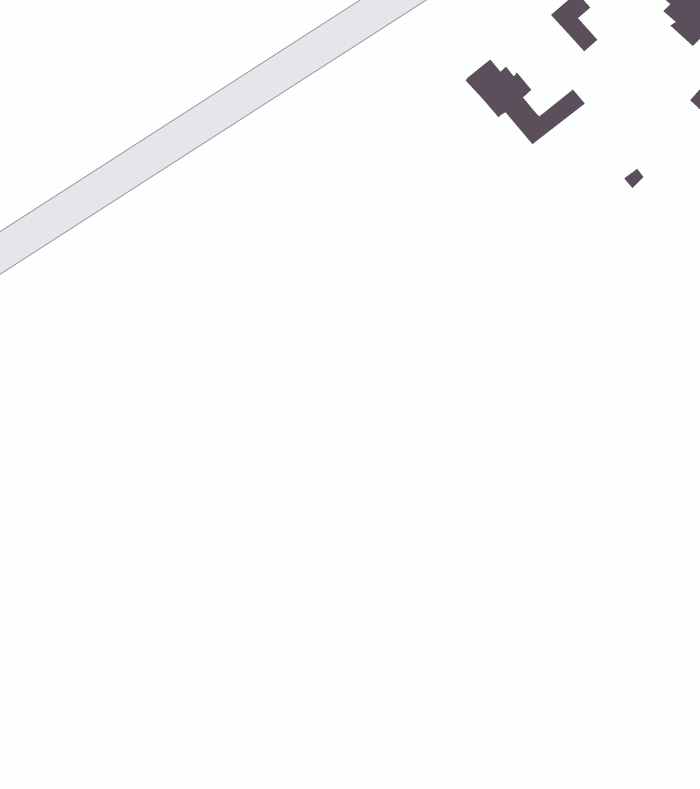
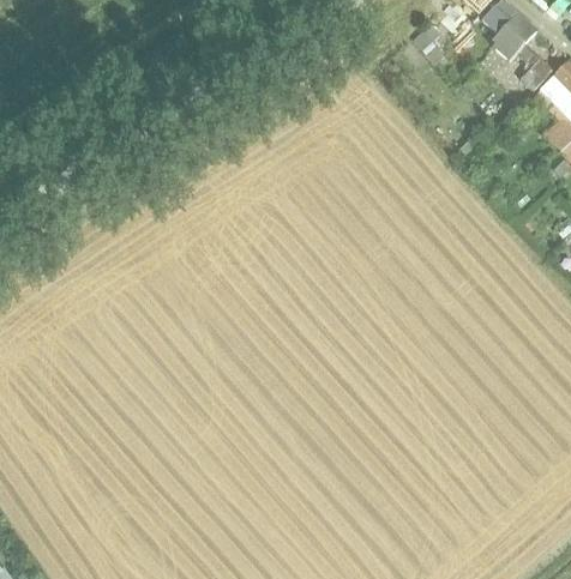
building: [465,58,586,145] -> none

